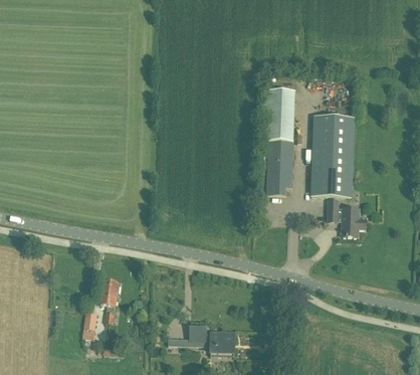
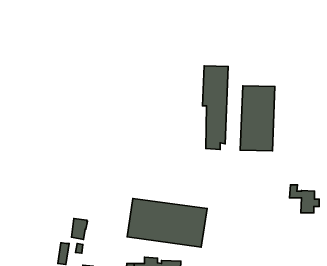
building: [328,199,365,234] -> [290,185,319,213]
building: none -> [127,198,207,247]

